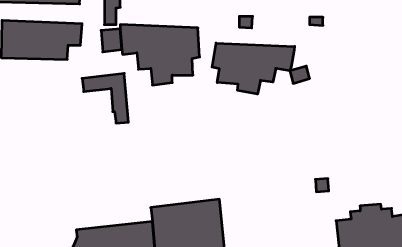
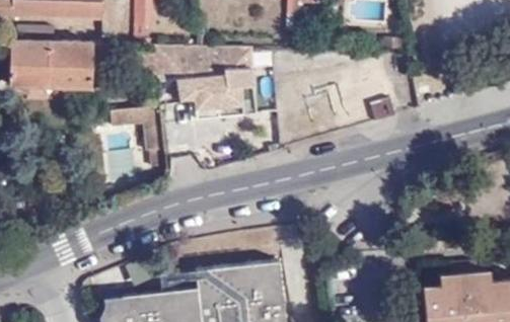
building: [212,43,295,94] -> none

